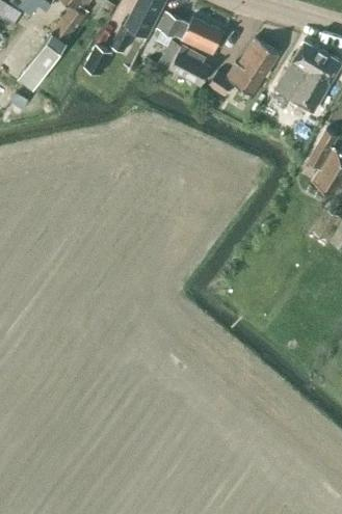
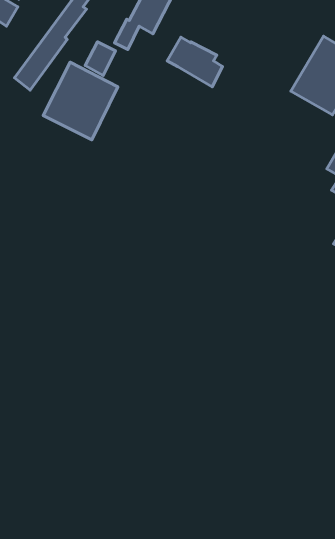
building: [157,11,225,54] -> none
building: [209,37,280,96] -> none
building: none -> [43,62,118,140]

